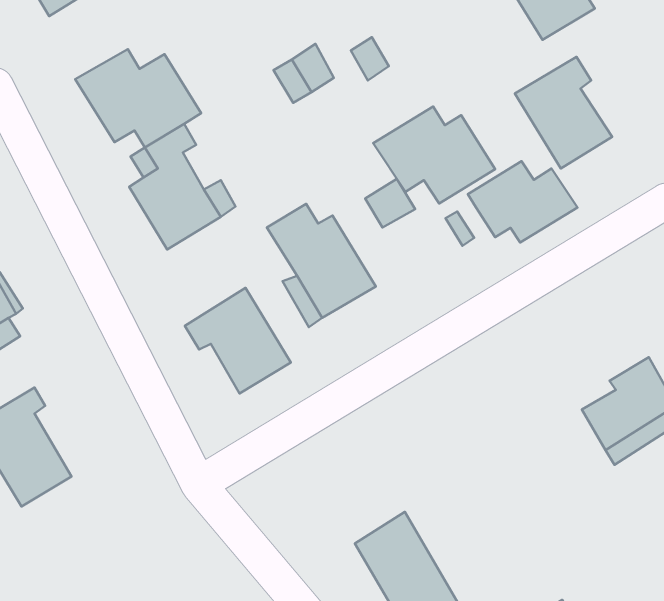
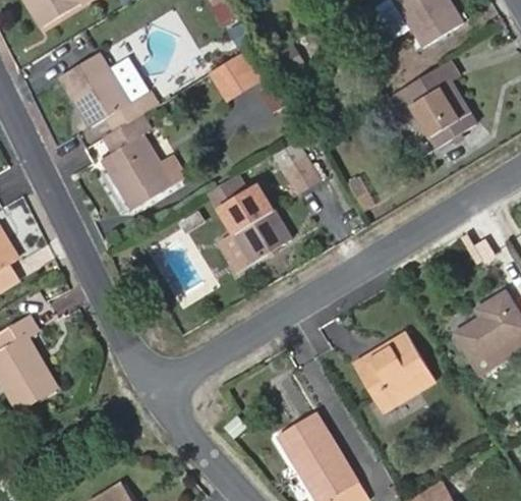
building: [373,107,495,204] -> none
building: [468,161,578,243] -> none
building: [185,288,291,394] -> none
building: none -> [356,331,438,410]

